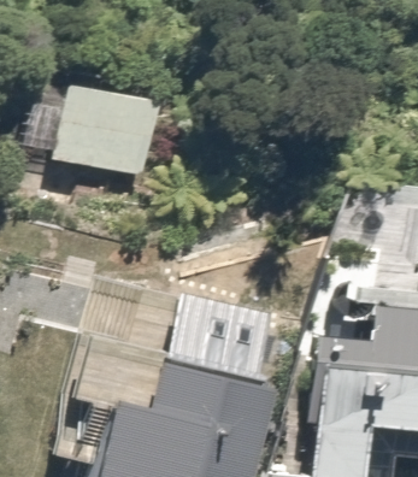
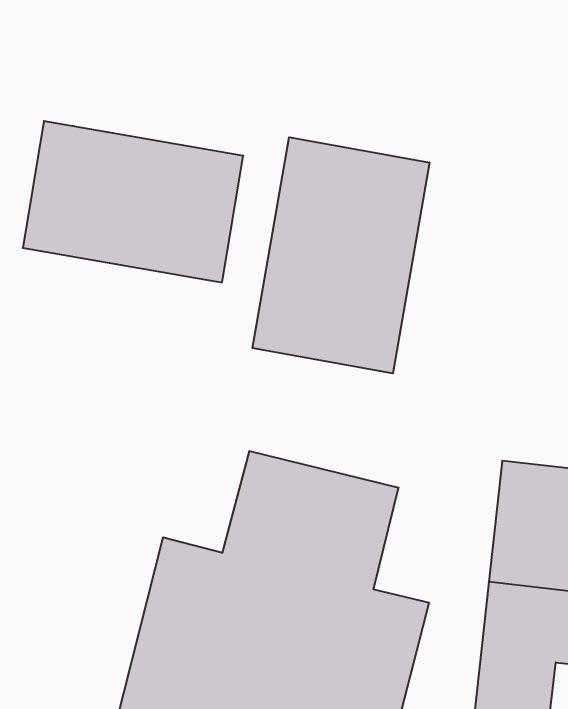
building: none -> [253,137,429,373]

